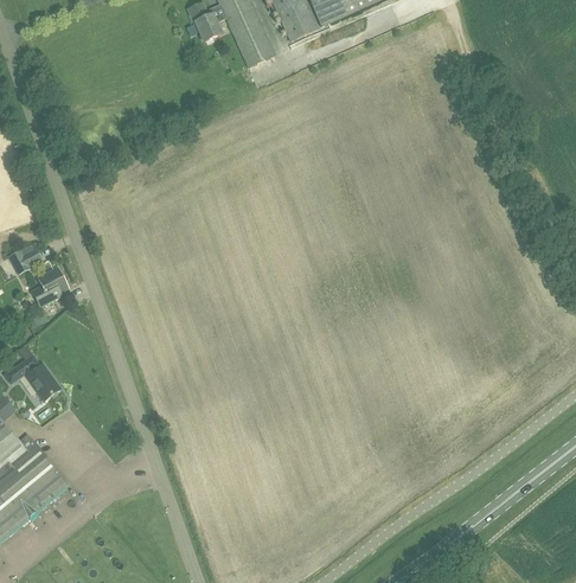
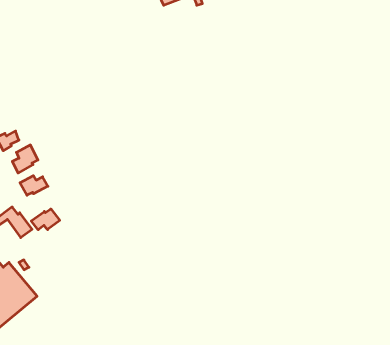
building: none -> [20,176,48,195]
building: none -> [31,209,60,230]

